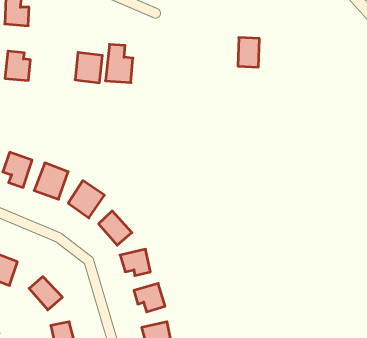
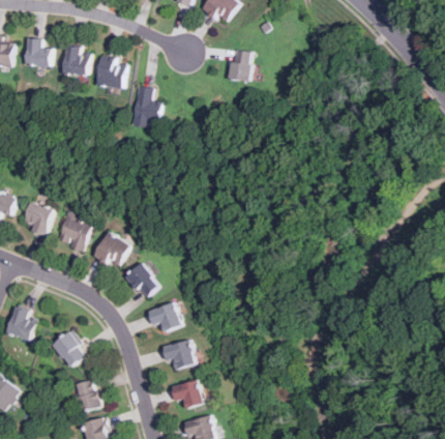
building: [238,38,259,67] -> [228,50,250,81]
building: [5,51,30,80] -> [62,45,89,76]
building: [75,52,102,83] -> [96,57,125,89]

